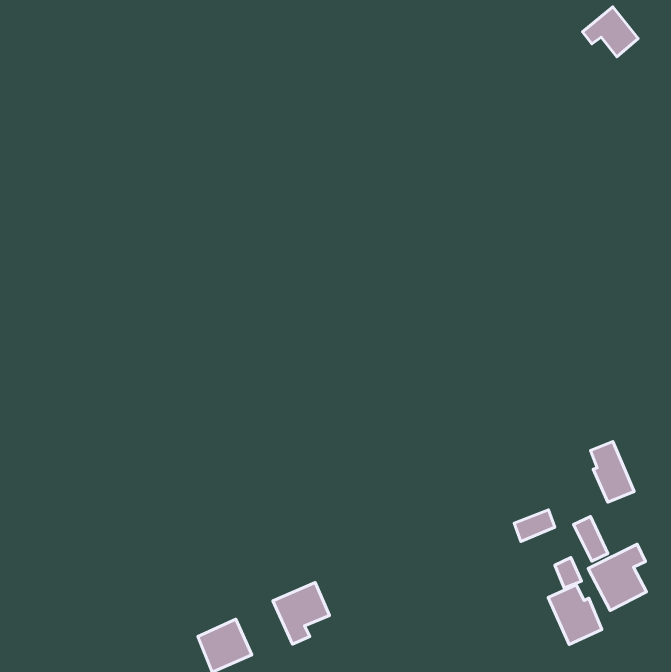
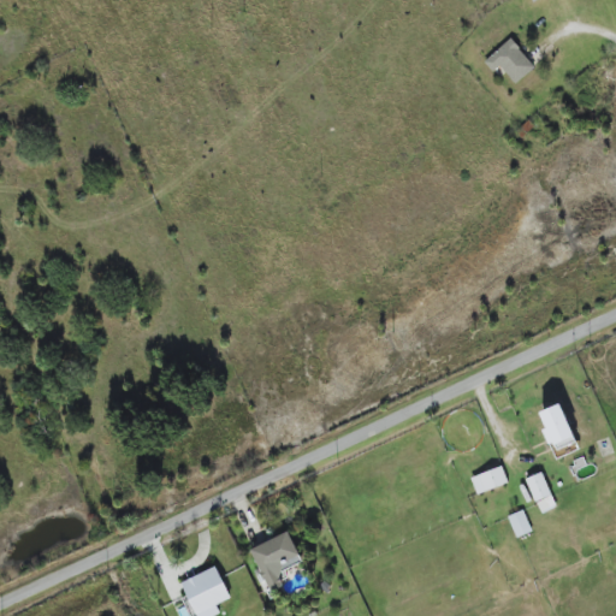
building: [583,7,638,57] -> [482,37,533,83]
building: [588,544,647,611] -> none
building: [548,585,602,645] -> none

